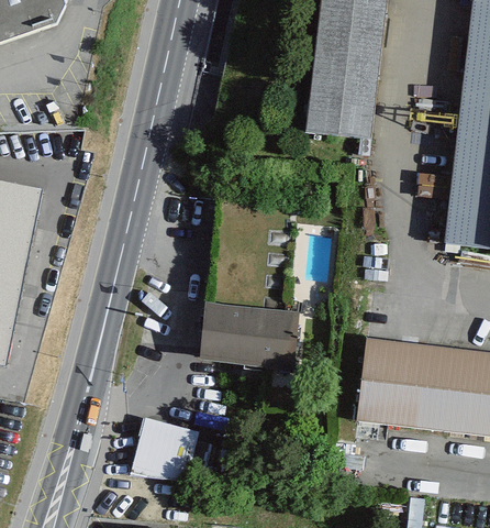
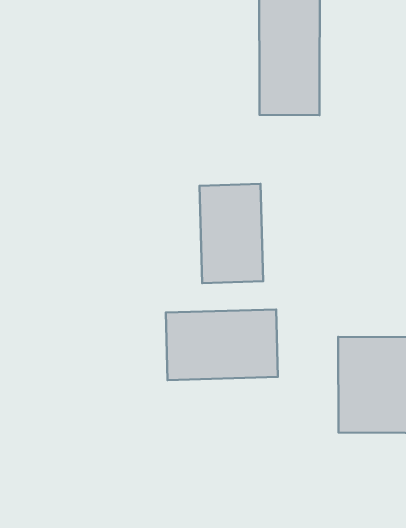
building: none -> [200,184,263,283]
building: [132,415,202,483] -> none

